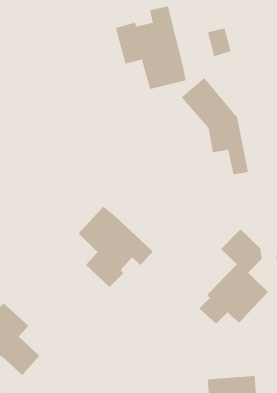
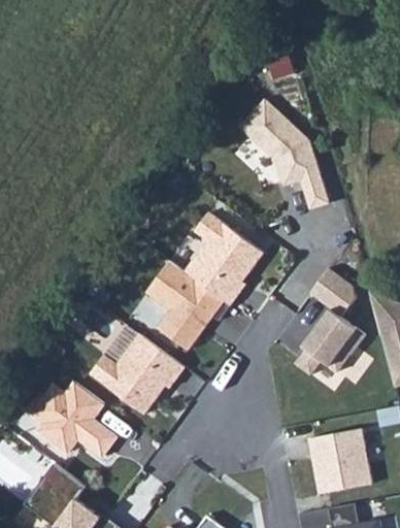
building: [115,5,186,90] -> none
building: none -> [185,210,265,304]
building: none -> [91,335,185,414]

